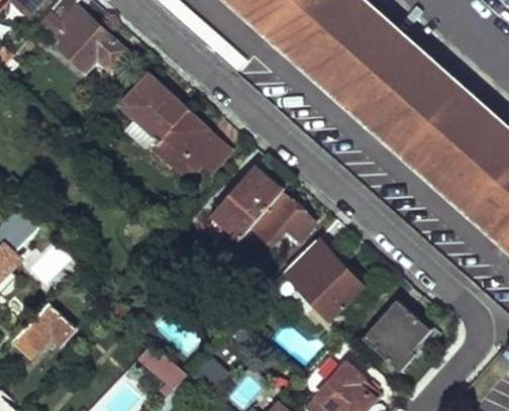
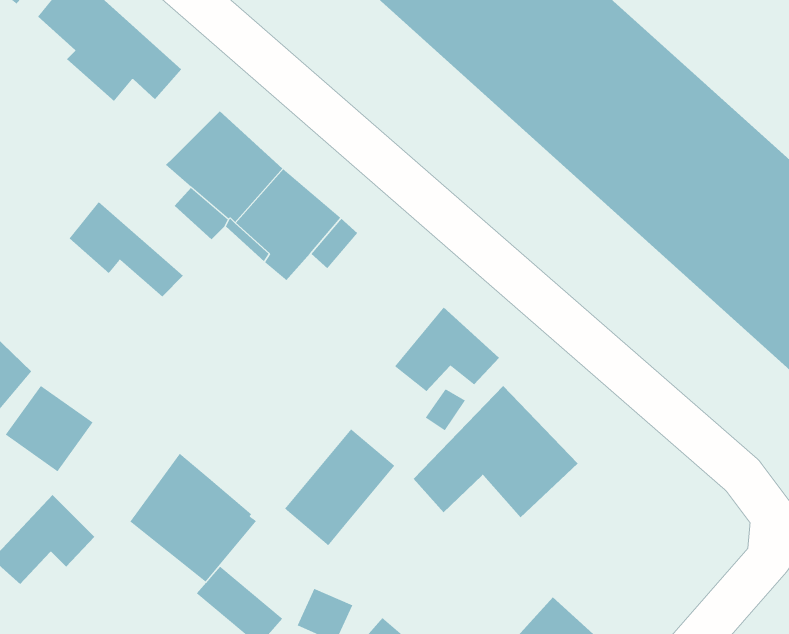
building: none -> [69,201,184,298]
building: [216,171,282,240] -> [284,428,395,546]
building: none -> [129,453,257,582]
building: [364,303,428,371] -> none

